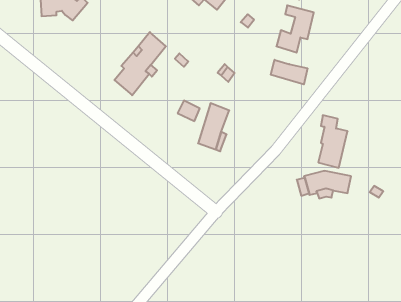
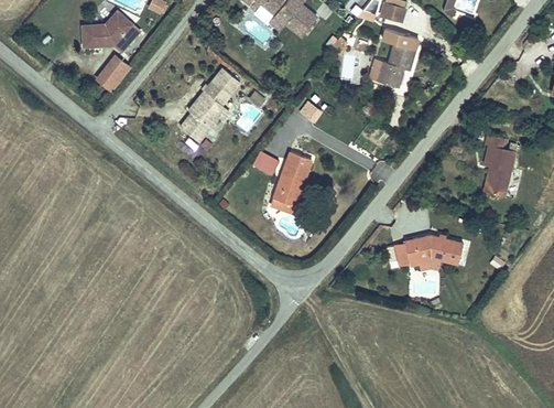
building: none -> [98,56,129,88]
building: [271,60,307,84] -> none
building: [318,115,348,168] -> [484,131,520,196]

